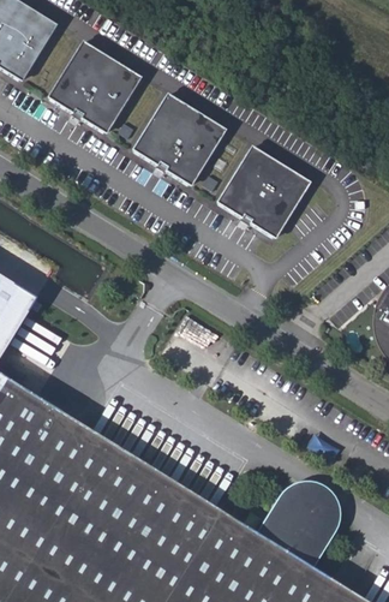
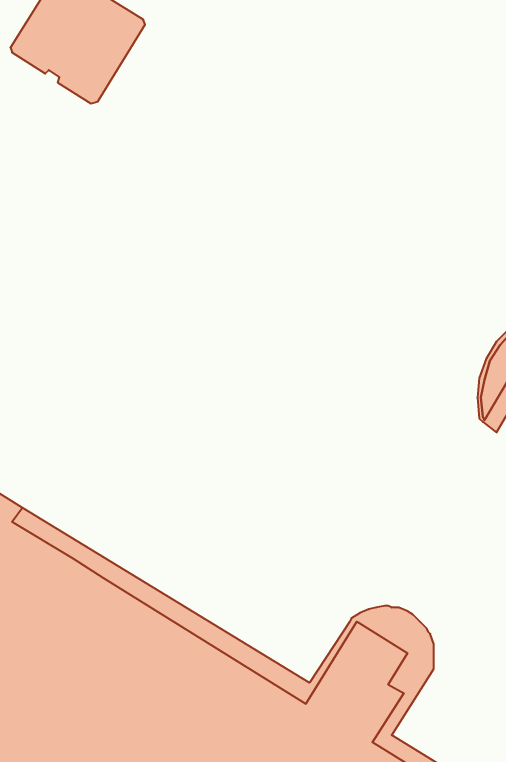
building: [133,95,226,186] -> none
building: [219,149,311,240] -> none

